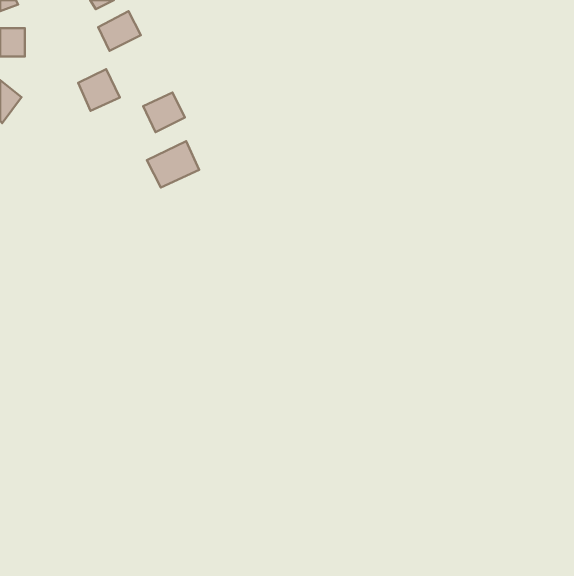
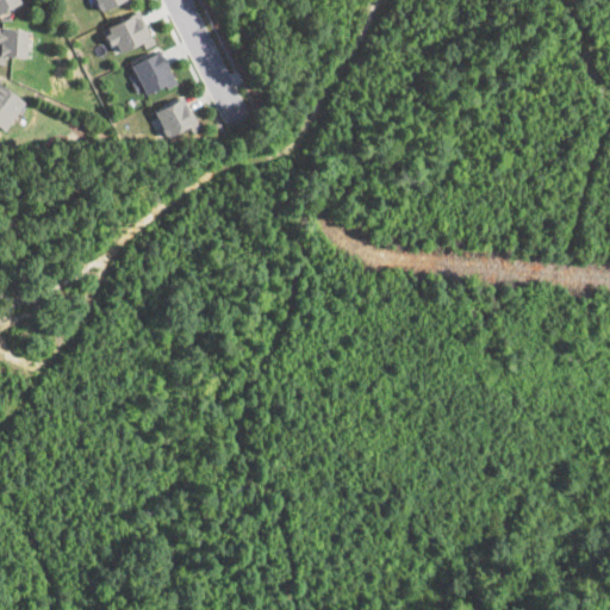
building: [78,69,120,111] -> [131,51,175,95]
building: [147,141,199,188] -> none

